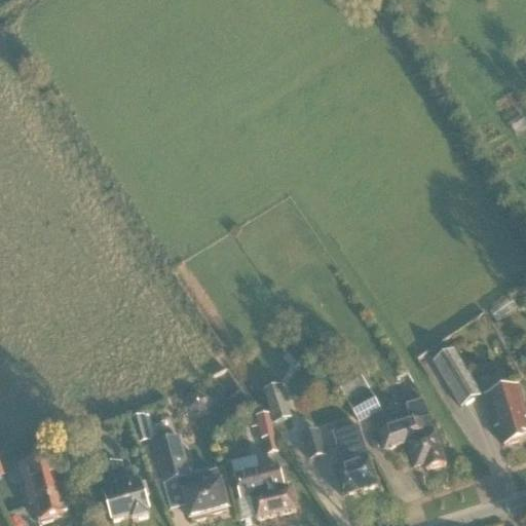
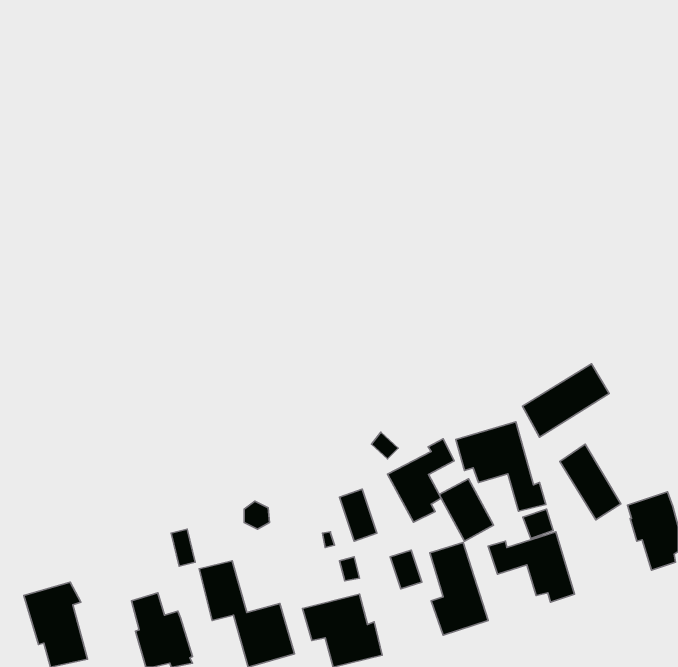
building: none -> [523,364,609,437]
building: none -> [456,422,546,511]
building: none -> [388,439,454,522]

